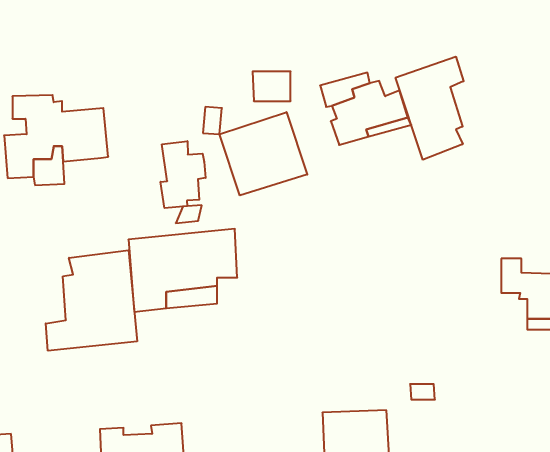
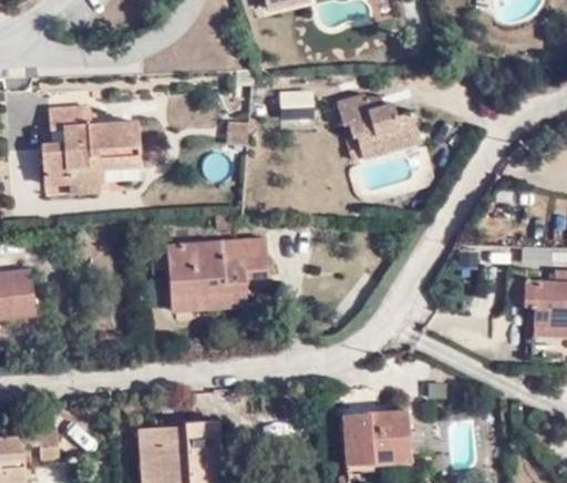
building: [396,57,464,160] -> none
building: [220,112,307,195] -> none
building: [161,141,206,208] -> none
building: [46,250,137,351] -> none

